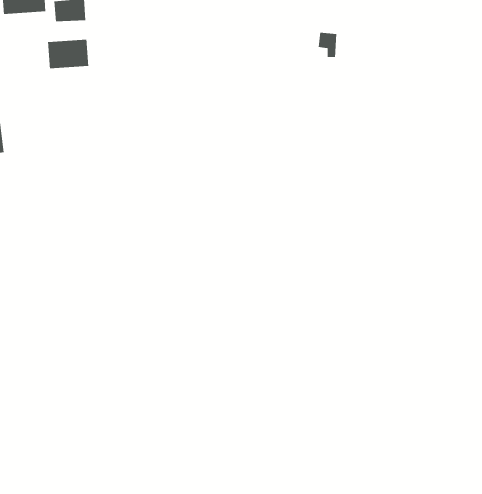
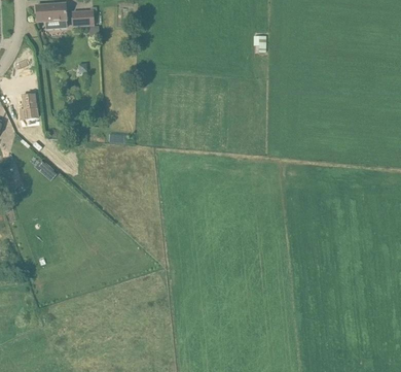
building: [48,39,89,69] -> none

